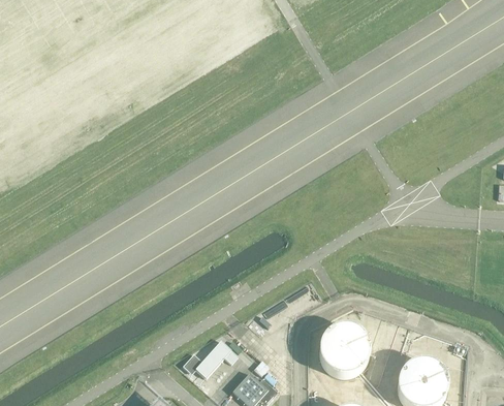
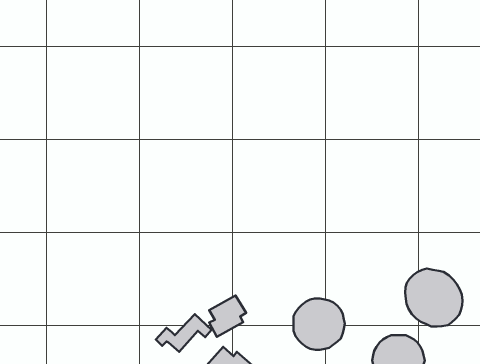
building: none -> [405,268,463,326]
building: none -> [209,296,246,337]

